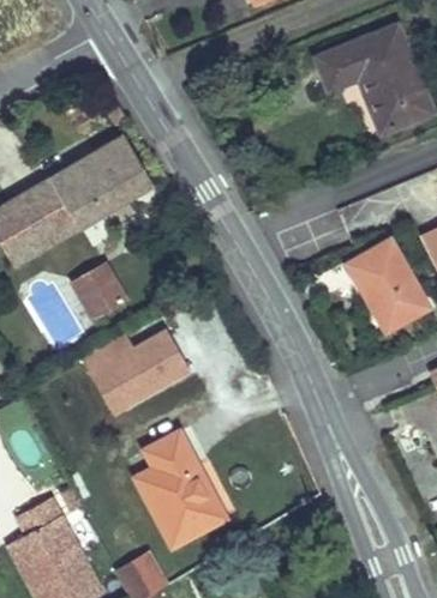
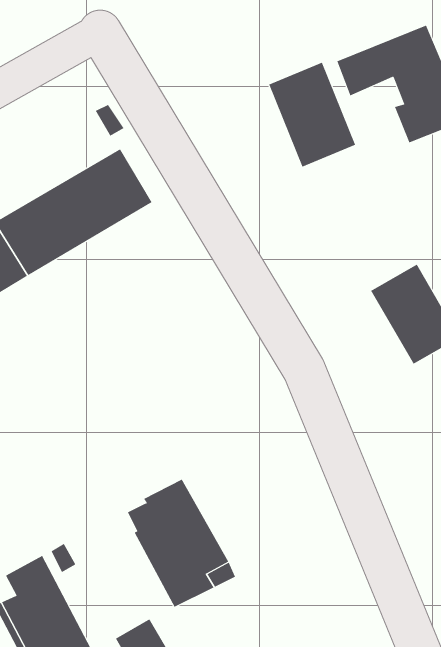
building: none -> [269,62,356,167]
building: [72,264,126,318] -> none
building: [80,322,191,413] -> none

